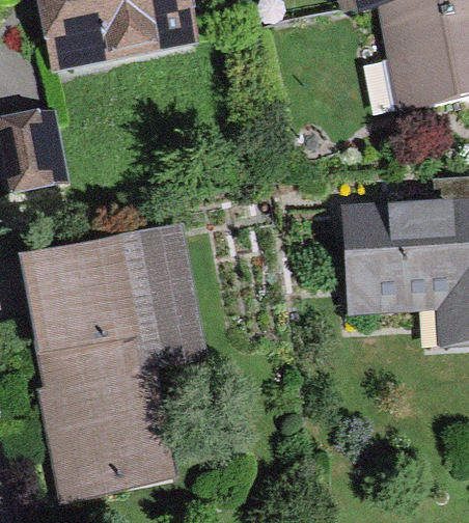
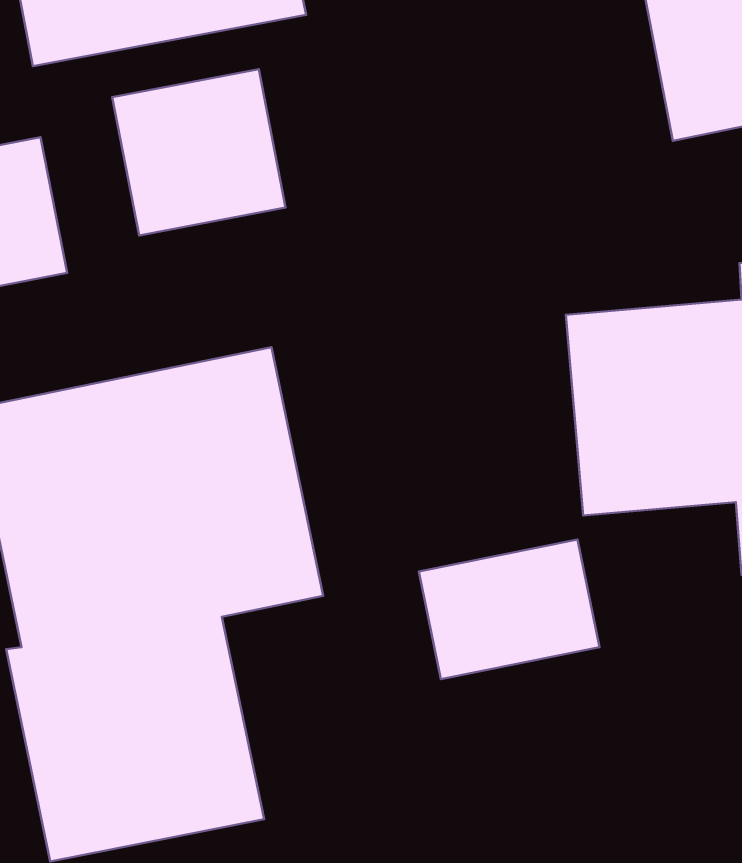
building: none -> [112,69,286,235]
building: none -> [419,539,599,679]

